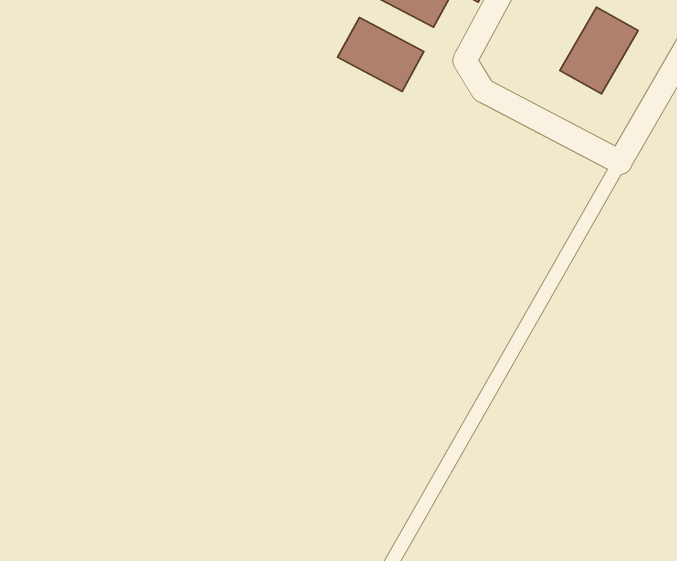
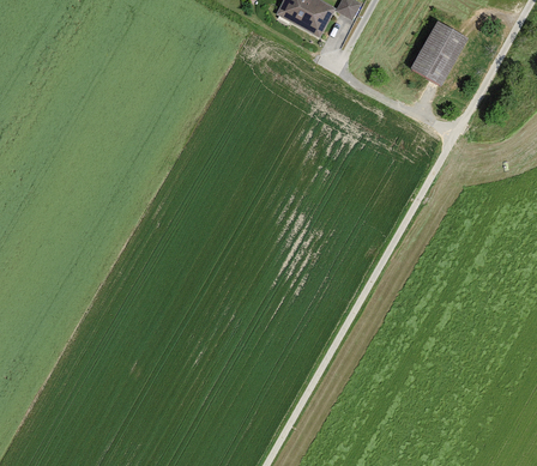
building: [338,17,424,91] -> none

